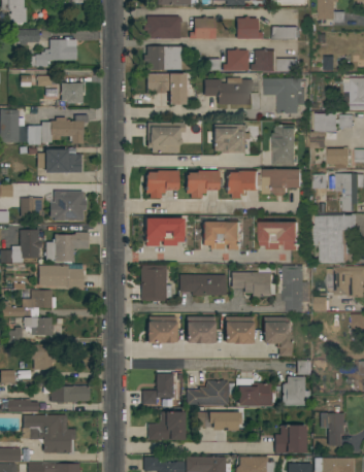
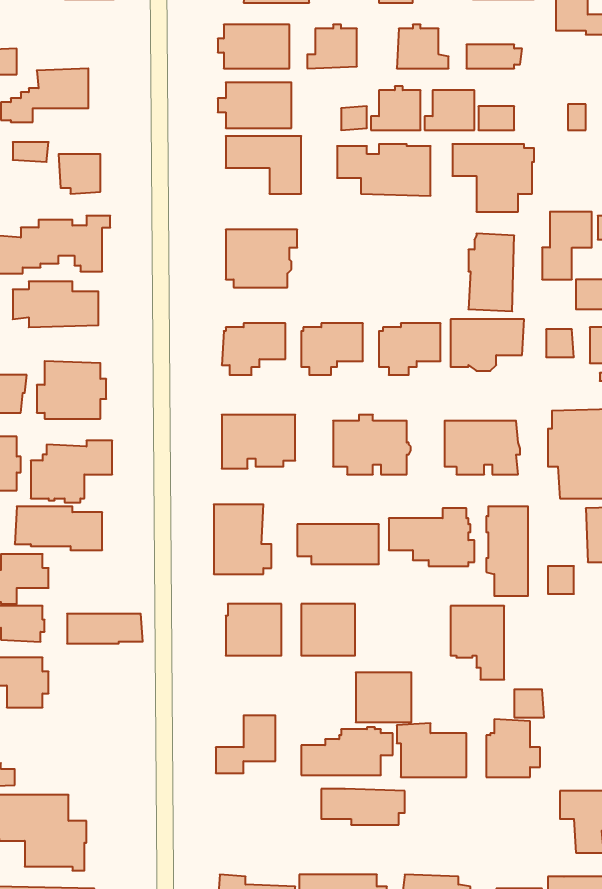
building: [213,125,247,154] -> none
building: [225,317,254,343] -> [356,672,411,722]
building: [51,386,90,402] -> [67,614,143,644]
building: [148,411,185,440] -> none
building: [274,426,306,453] -> none

